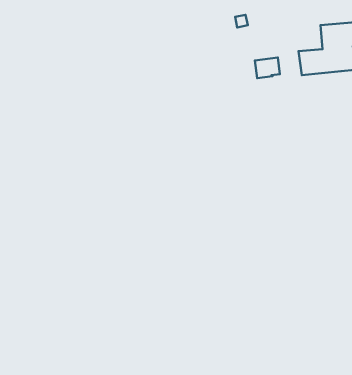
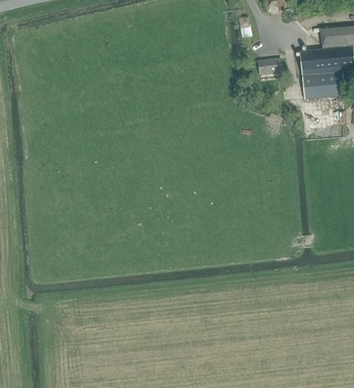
building: none -> [302,71,344,100]

